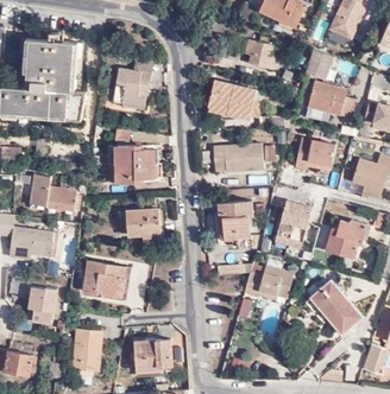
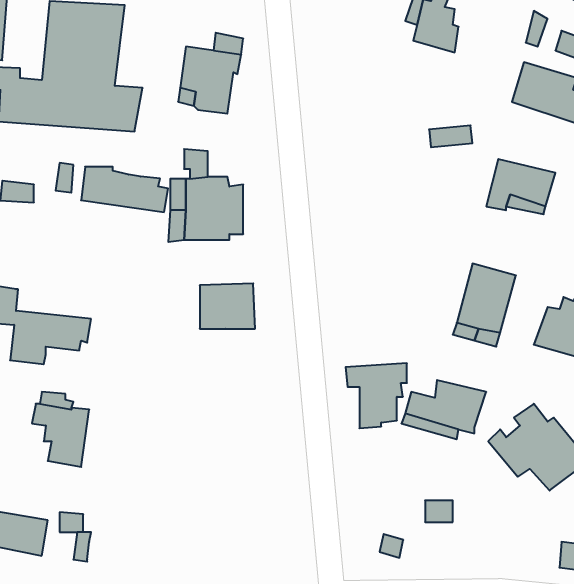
building: [206,81,258,119] -> none
building: [212,147,259,176] -> none
building: [27,182,80,209] -> [81,167,168,212]
building: [216,204,253,243] -> [346,363,407,428]
building: [81,262,126,300] -> none
building: [65,331,99,375] -> none
building: [130,339,169,374] -> none

